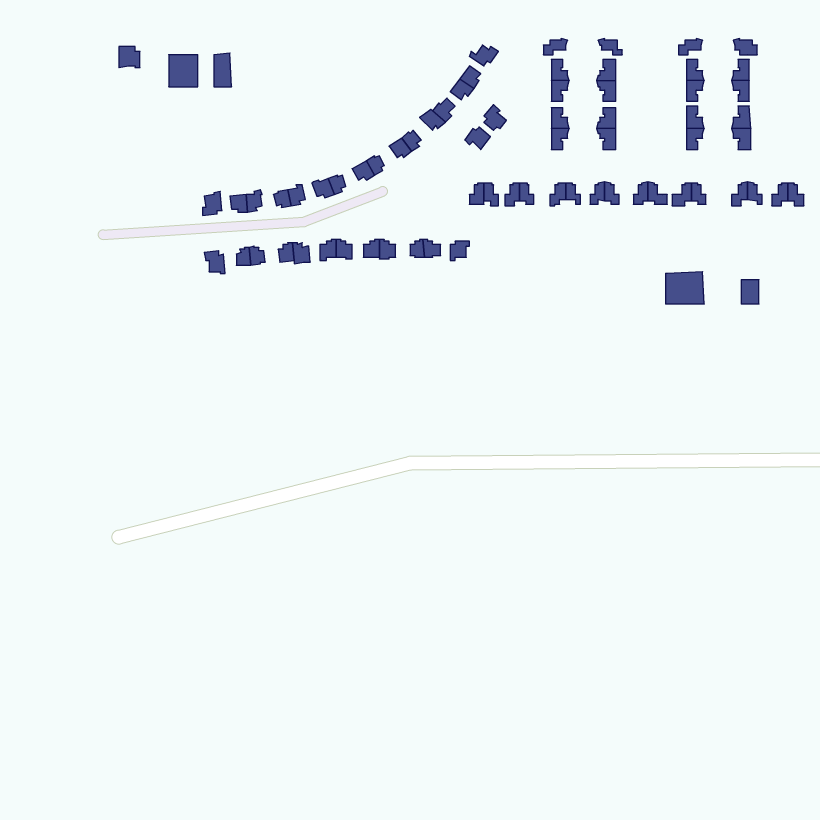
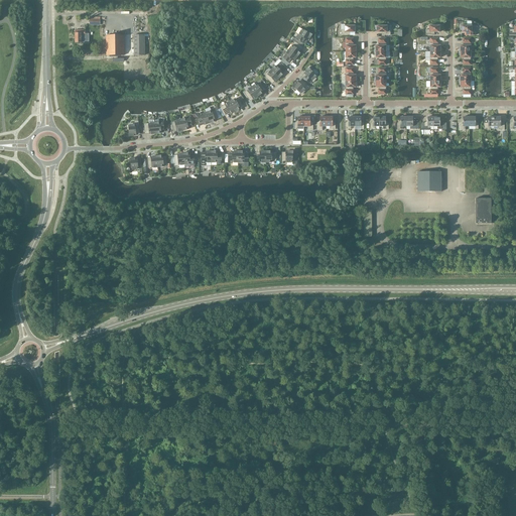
building: none -> [476,198,492,223]

